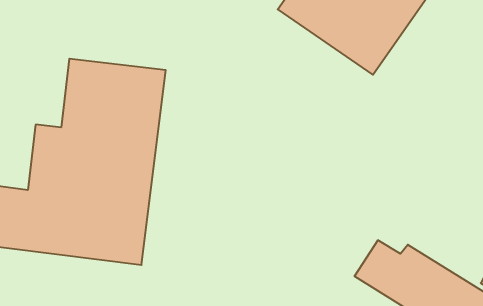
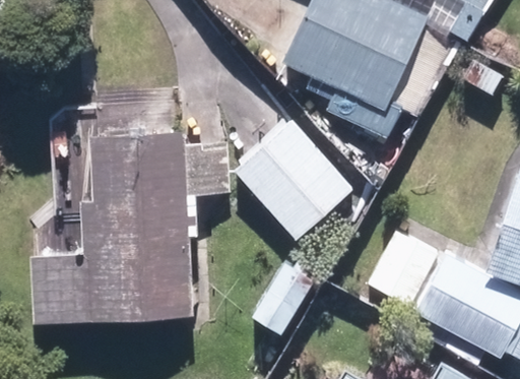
building: none -> [240,128,347,236]

